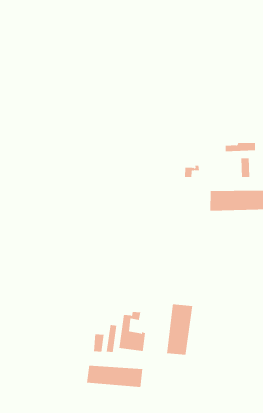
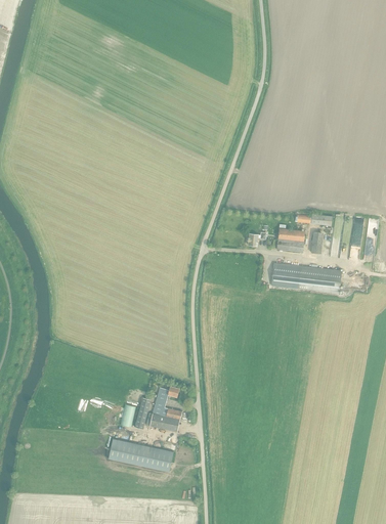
building: none -> [275,227,304,251]
building: [166,303,193,356] -> none

